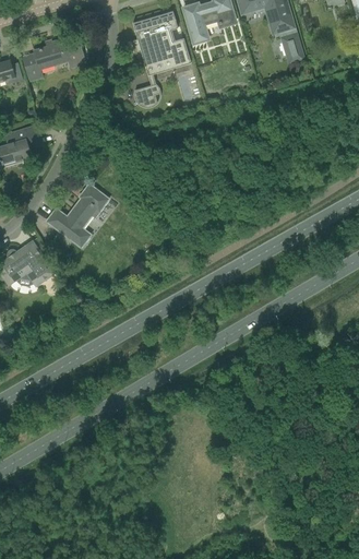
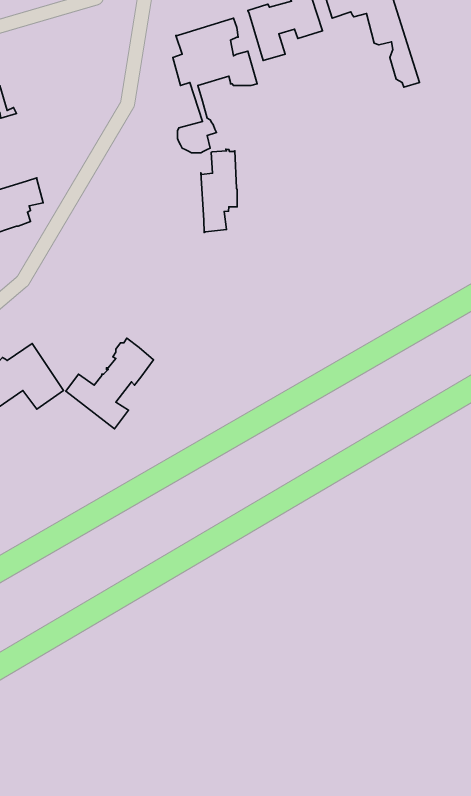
building: [23,35,85,81] -> none
building: none -> [201,149,237,232]
building: [47,183,108,247] -> [66,338,153,429]

